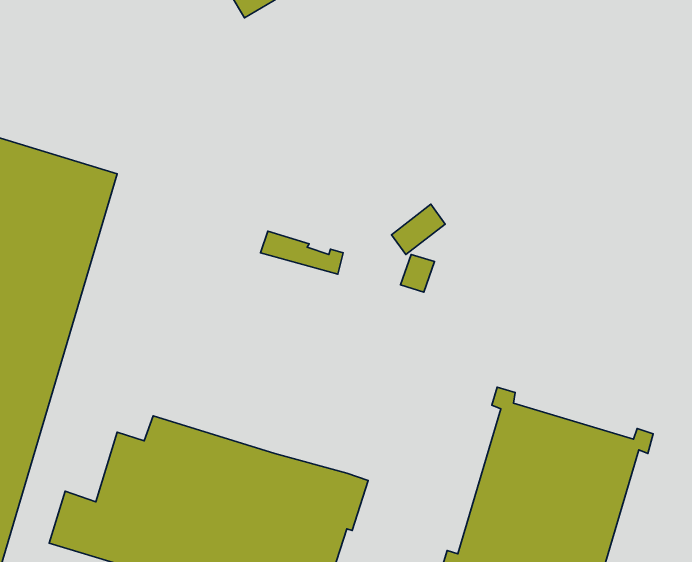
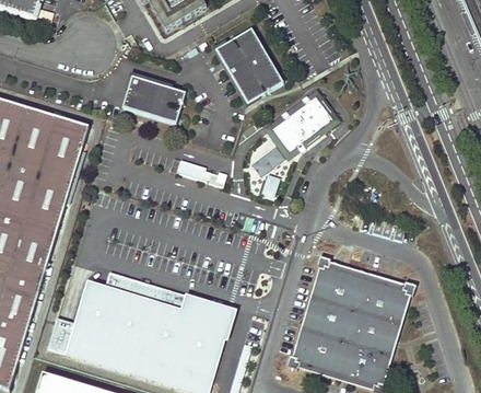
building: none -> [216,26,281,100]
building: none -> [121,77,184,123]
building: none -> [270,92,338,153]

